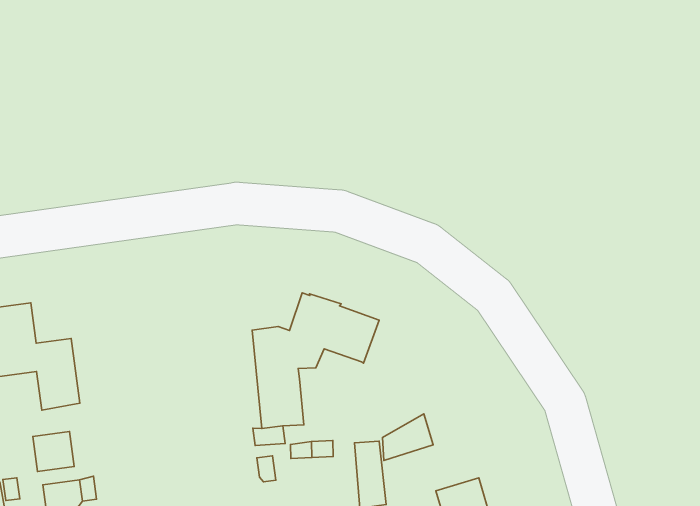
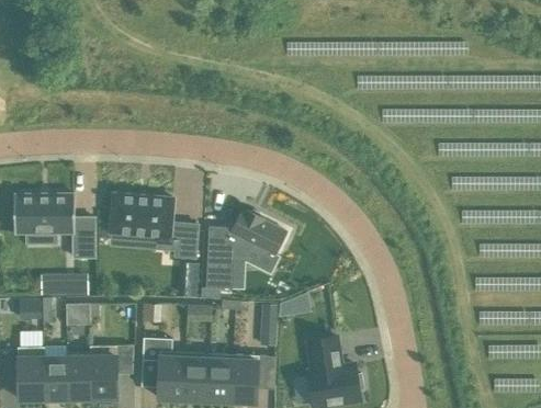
building: none -> [104,195,195,263]

